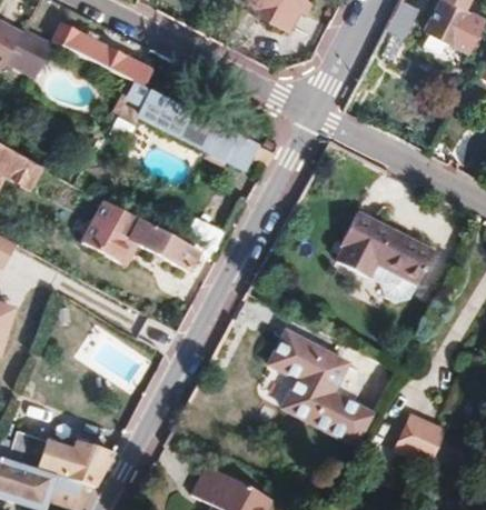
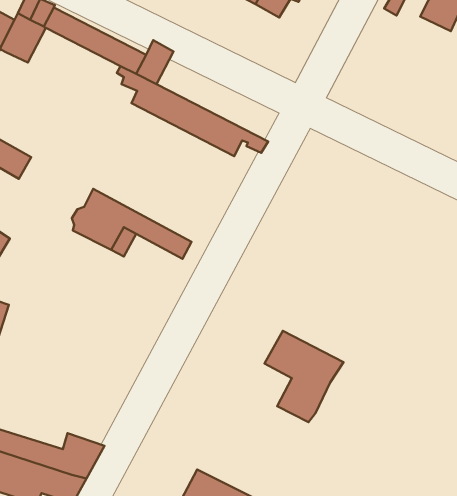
building: [335,211,429,282] -> none
building: [319,389,371,438] -> none
building: [396,408,446,457] -> none

